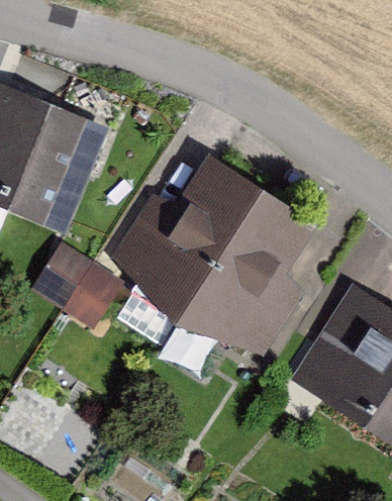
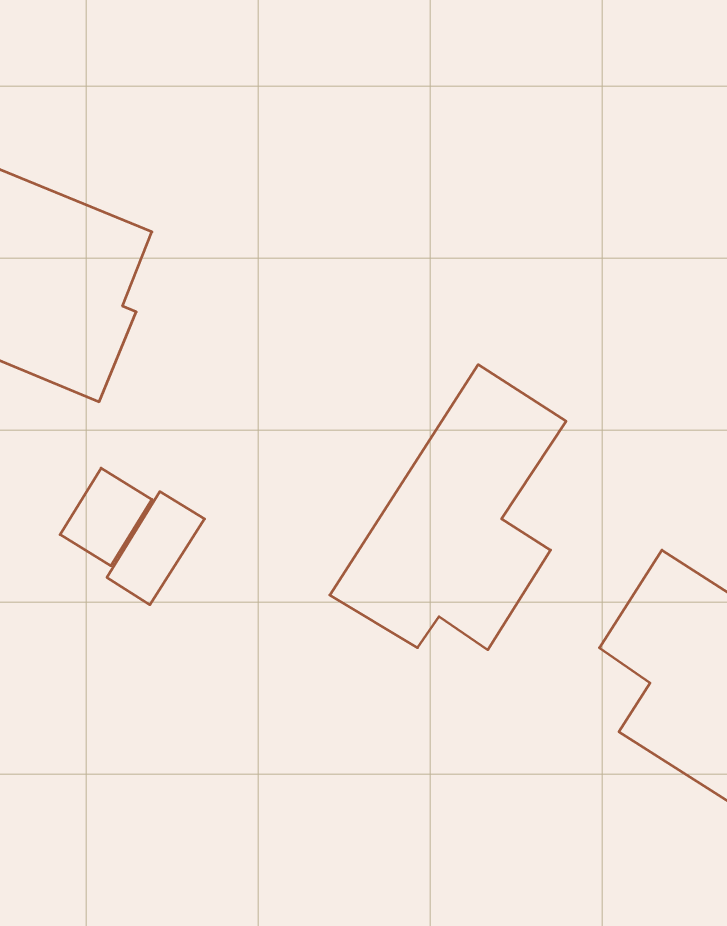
building: [118,167,254,315] -> none

